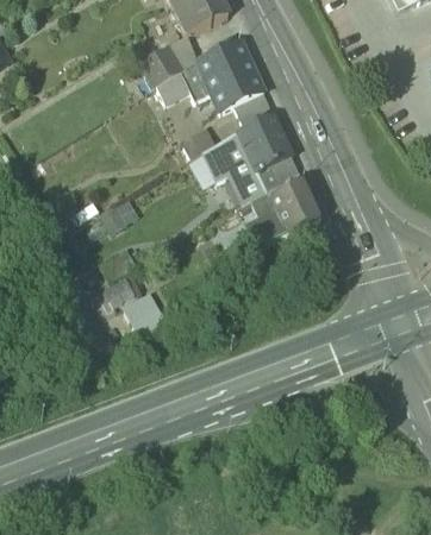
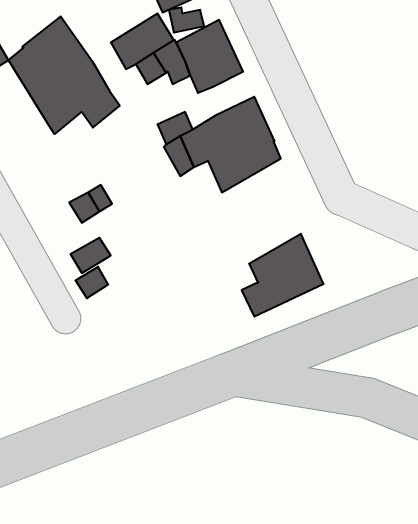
building: none -> [9,16,120,134]
building: [235,92,273,128] -> none
building: [244,172,321,251] -> [242,234,324,317]
building: [123,292,167,336] -> none

